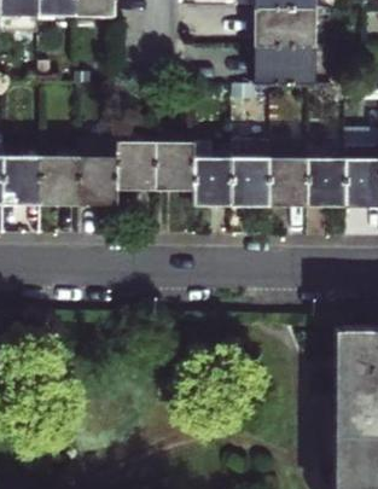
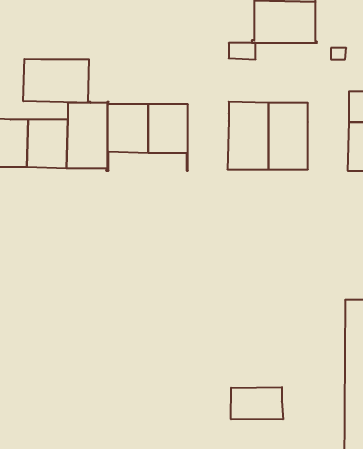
building: none -> [23,59,90,103]
building: [192,142,231,206] -> none
building: [306,161,344,206] -> none
building: none -> [231,387,283,419]

